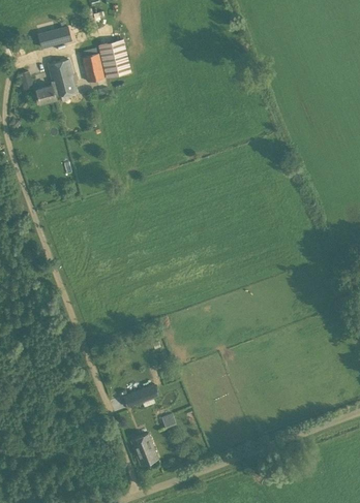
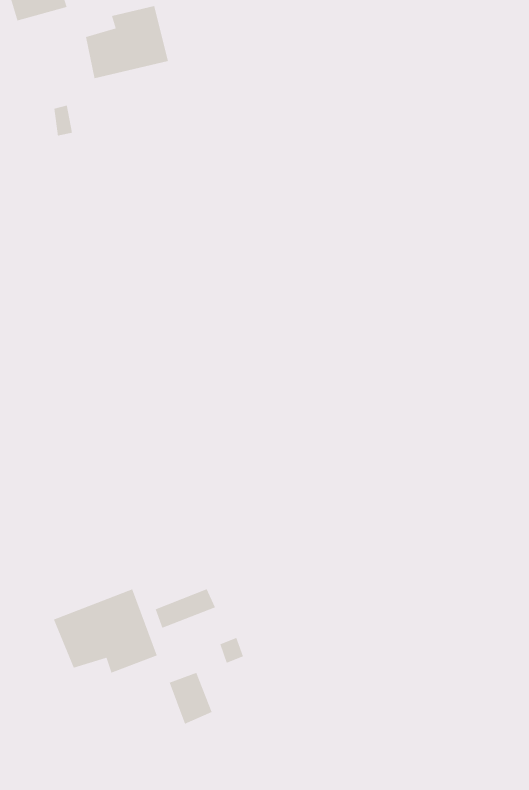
building: [35,59,74,102] -> none
building: none -> [53,588,158,673]

